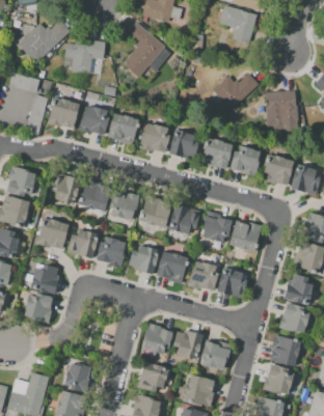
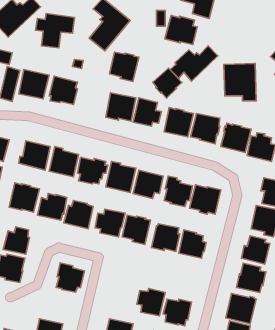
building: none -> [165,16,197,44]
building: none -> [153,68,182,98]
building: [107,114,138,145] -> [110,52,139,82]
building: [142,323,172,354] -> [56,263,84,292]

